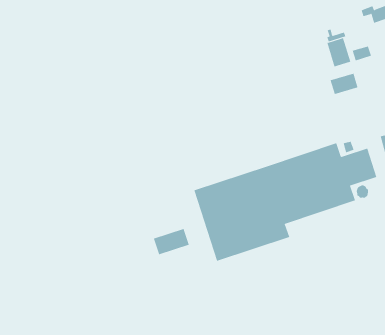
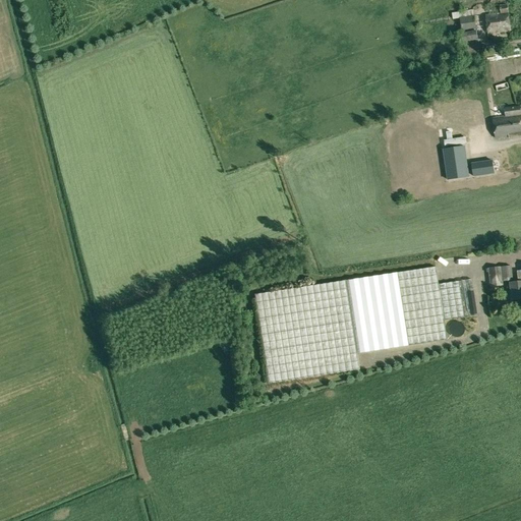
building: [330,73,358,95] -> none
building: [153,228,189,255] -> none

